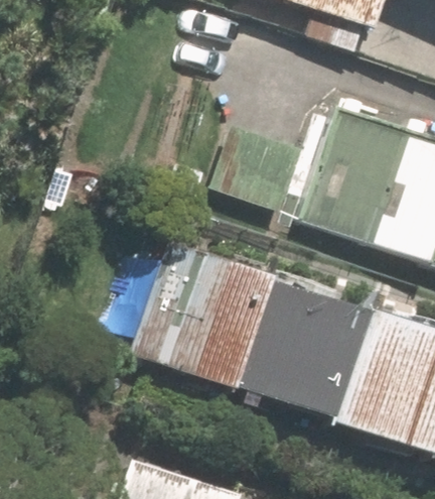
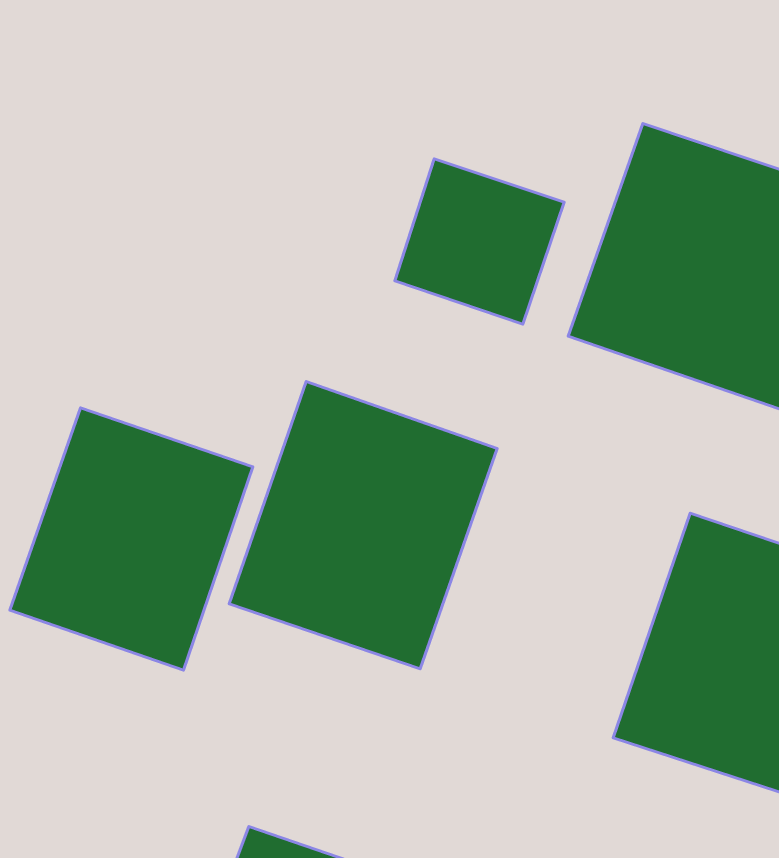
building: none -> [10,408,253,670]
building: [226,274,364,422] -> none

